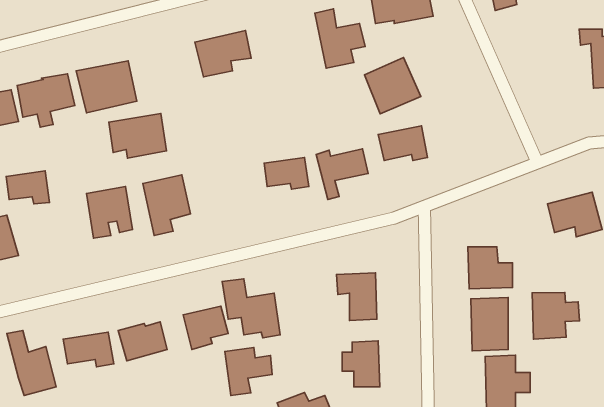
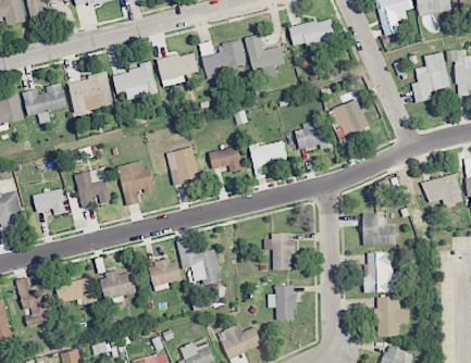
building: none -> [199,40,246,78]
building: none -> [412,52,449,102]
building: [364,58,421,114] -> [327,98,370,140]
building: [109,113,167,158] -> [113,65,157,99]
building: none -> [165,147,200,184]
building: [6,171,50,204] -> [34,189,66,214]
building: [532,293,580,339] -> none
building: [225,347,272,395] -> none

